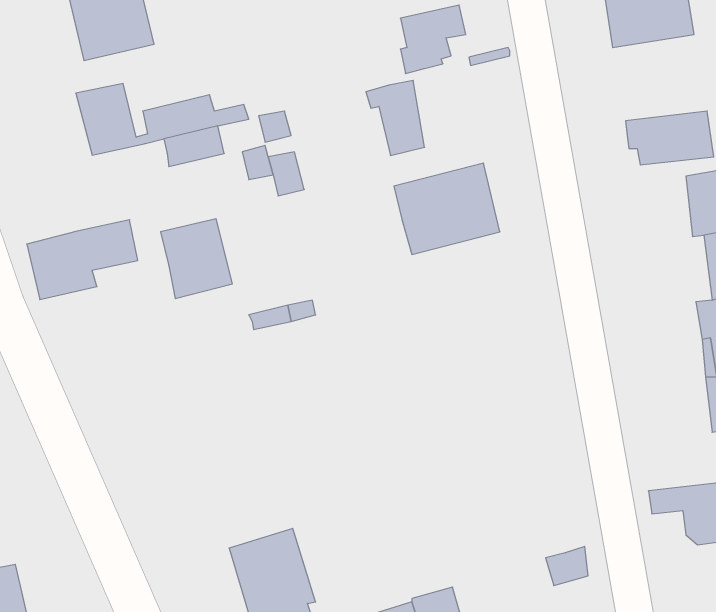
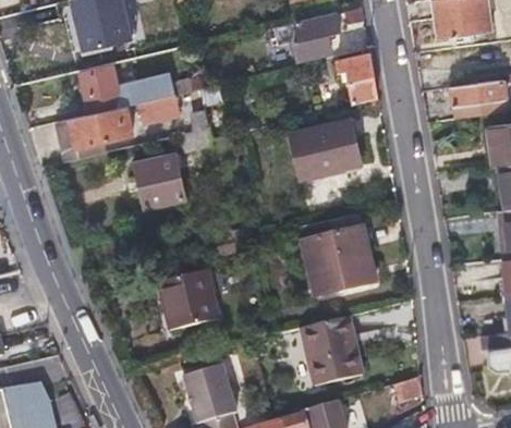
building: [366,80,425,155] -> [339,53,378,103]
building: [27,220,138,300] -> [57,106,131,159]
building: none -> [301,225,367,292]
building: none -> [155,266,215,325]
building: none -> [302,316,362,386]

